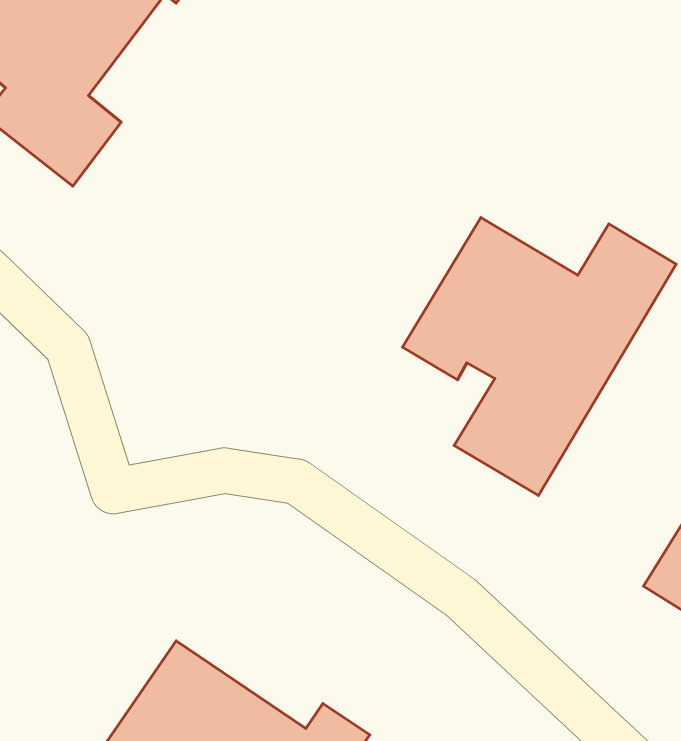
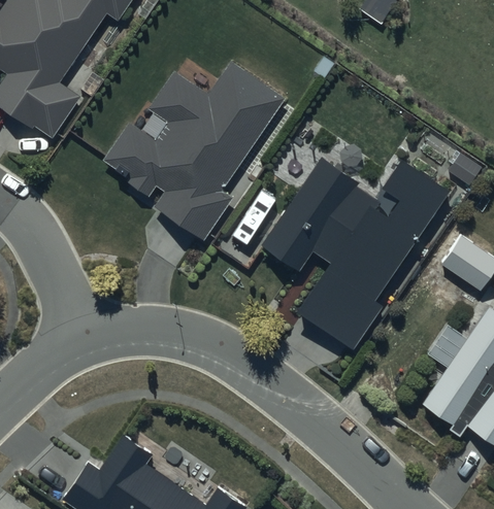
building: none -> [106,64,283,239]

